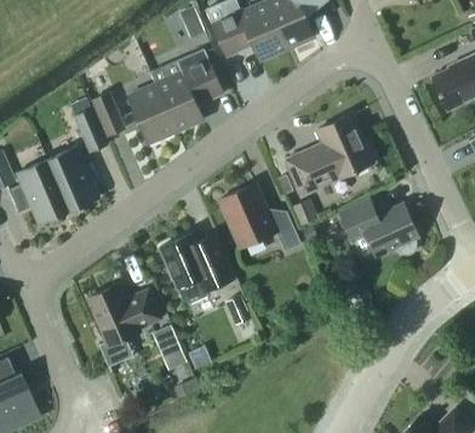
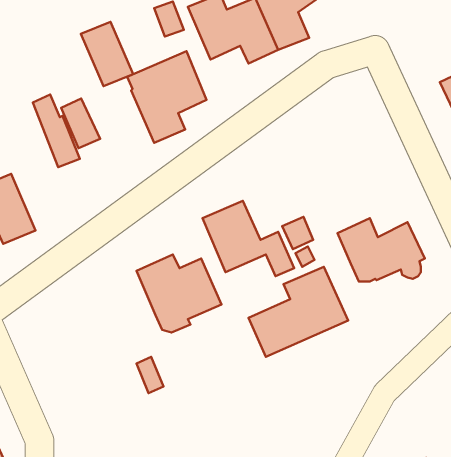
building: [127,85,174,143] -> [81,22,133,86]
building: [284,114,373,195] -> [248,267,348,357]
building: [46,148,97,211] -> none
building: [86,285,161,372] -> none

